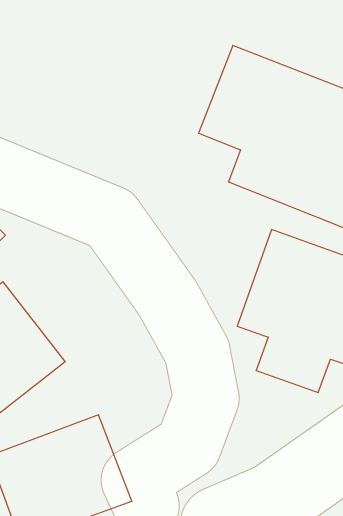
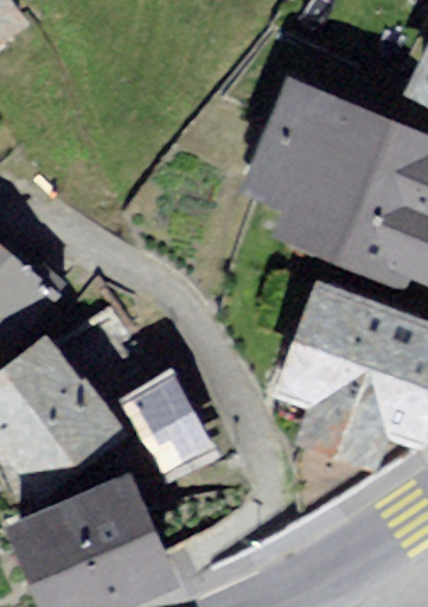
building: none -> [108,371,205,477]

